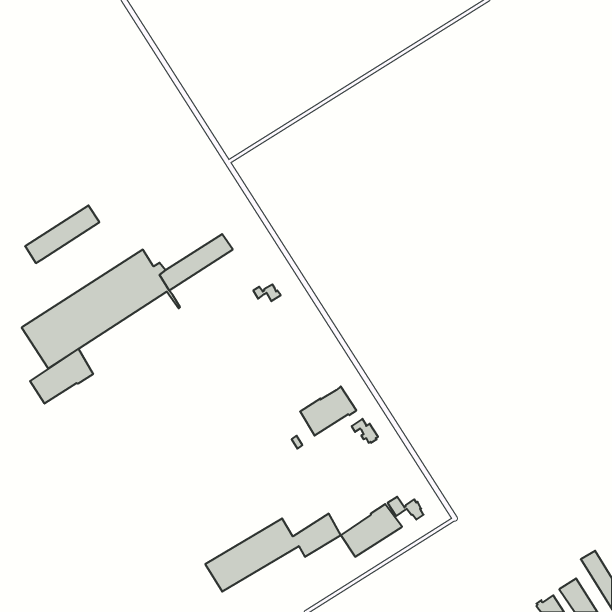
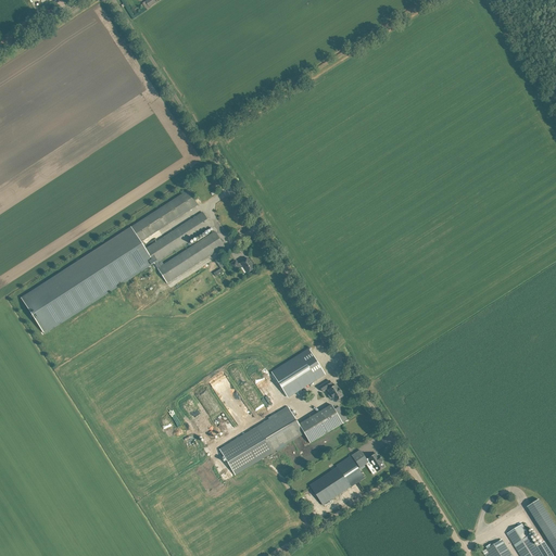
building: [25,205,99,263] -> [129,189,197,241]
building: none -> [153,230,224,282]
building: [30,349,93,404] -> none
building: [205,514,341,592] -> [218,403,341,473]

